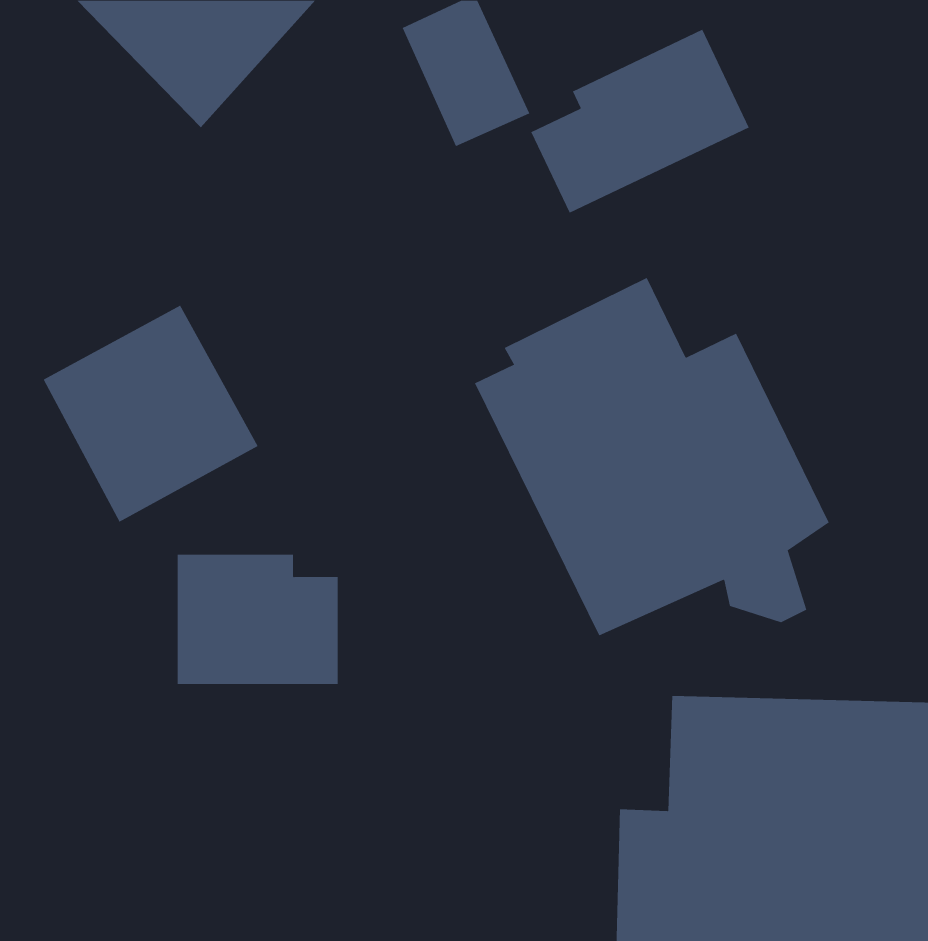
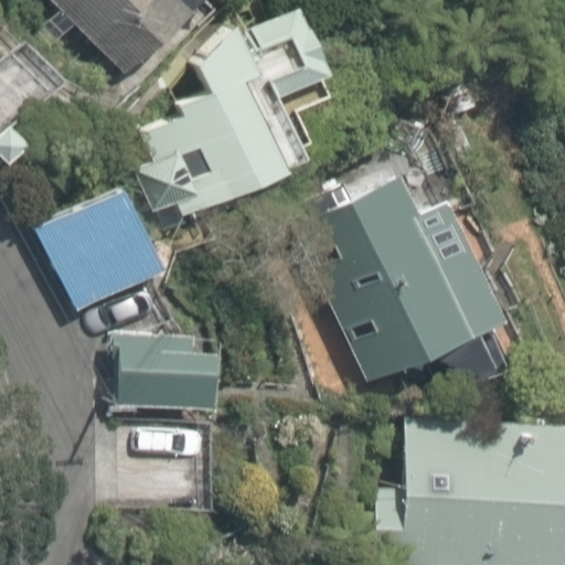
building: none -> [129,19,309,226]
building: [530,29,749,214] -> none

